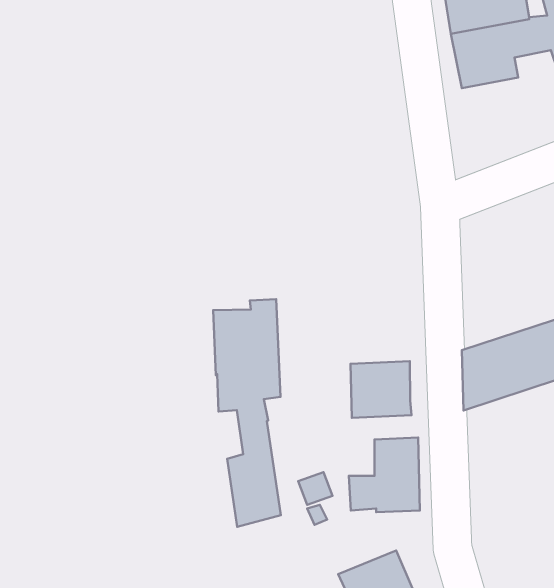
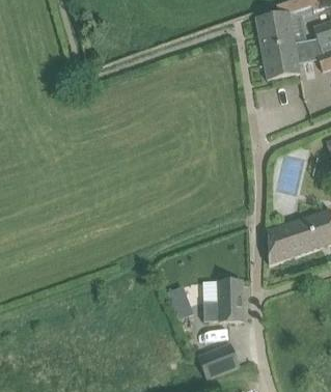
building: [213,299,281,527] -> none
building: [350,361,411,418] -> none

